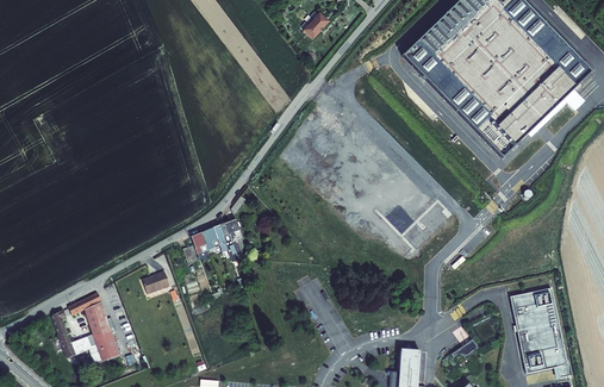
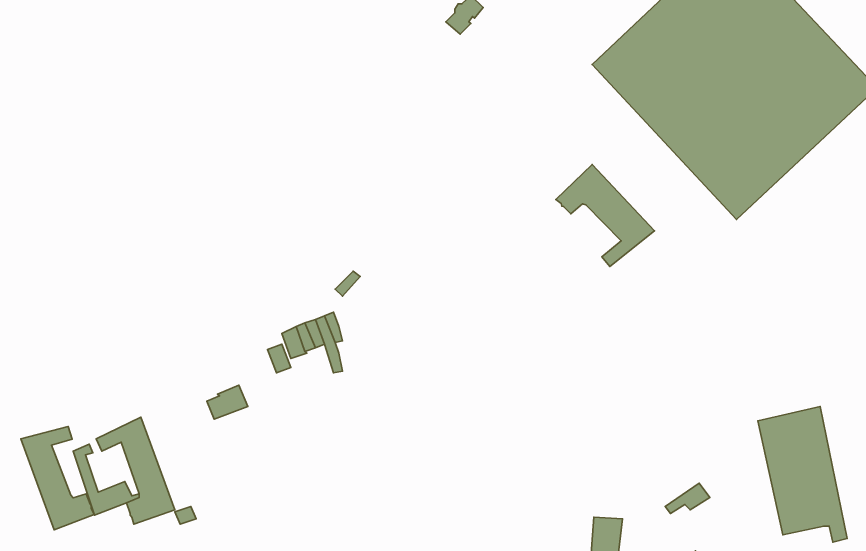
building: none -> [556,165,654,266]
building: none -> [21,426,94,530]

